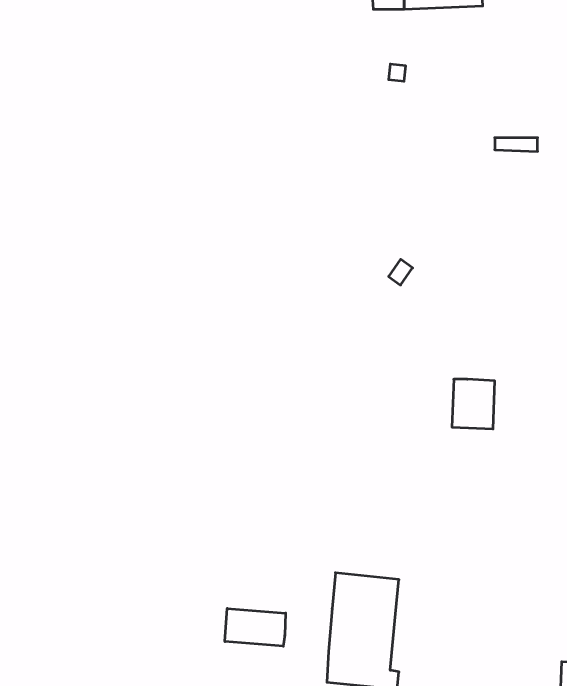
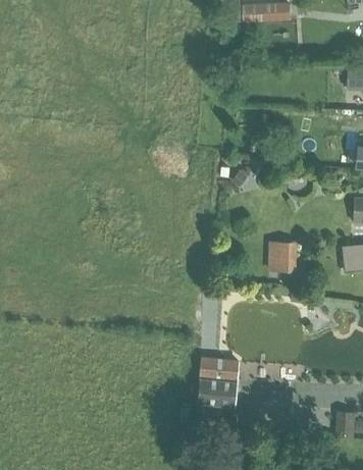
building: [225,608,286,646] -> none

